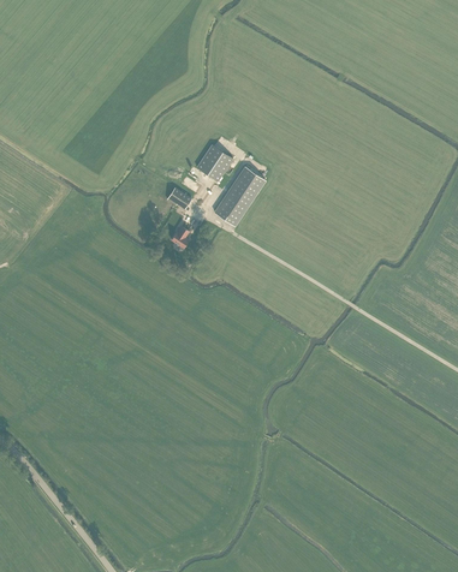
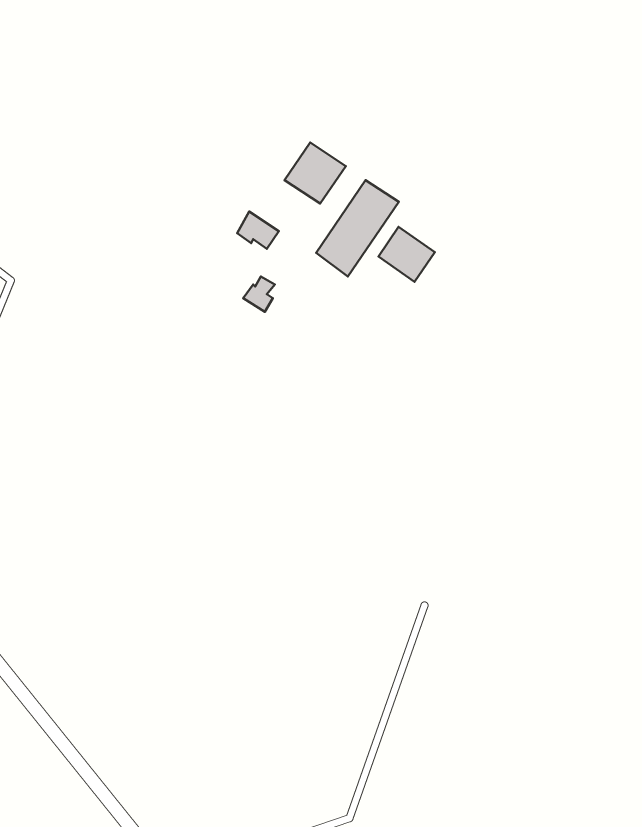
building: none -> [378,227,435,282]

